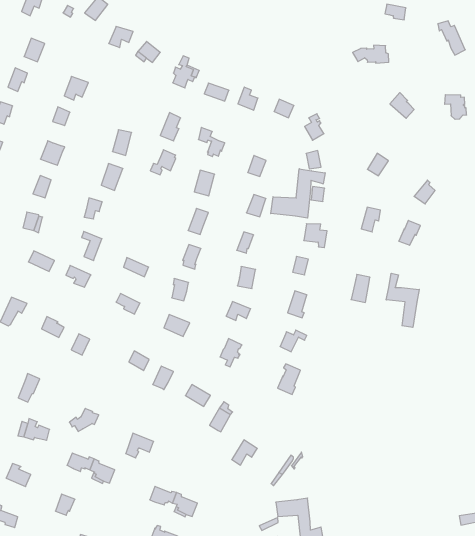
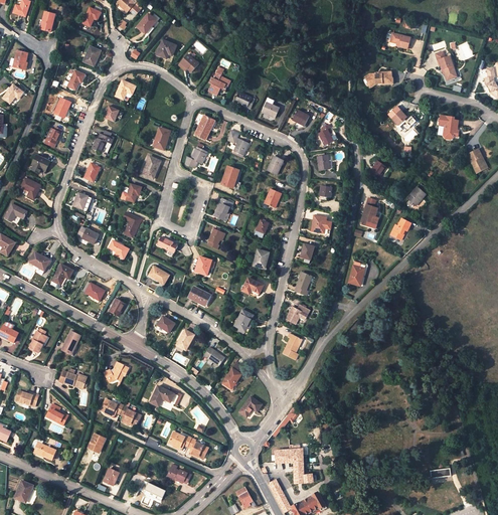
building: [271,169,325,218] -> none
building: [386,273,419,327] -> none

